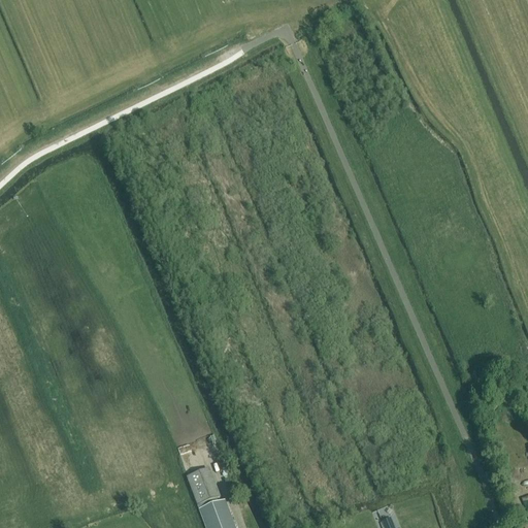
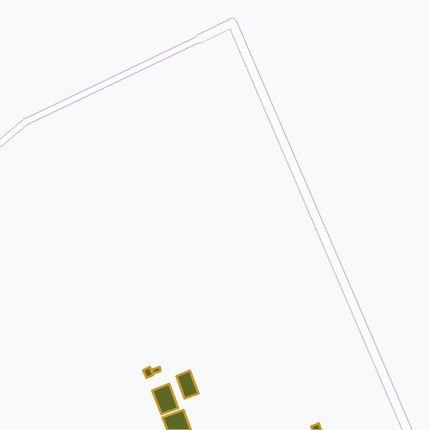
building: none -> [176,371,199,398]

